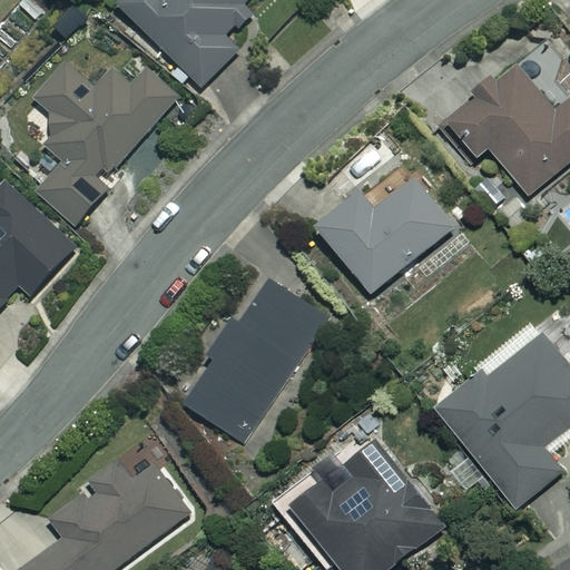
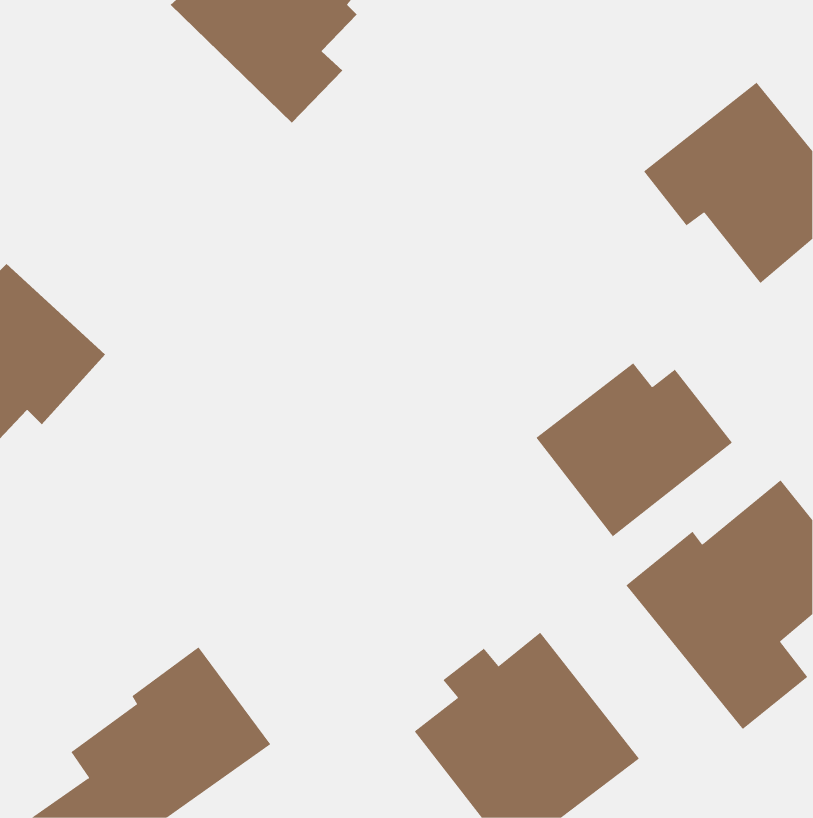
building: [30,58,174,224] -> none
building: [317,171,454,293] -> [536,362,733,537]
building: [180,278,324,441] -> none

